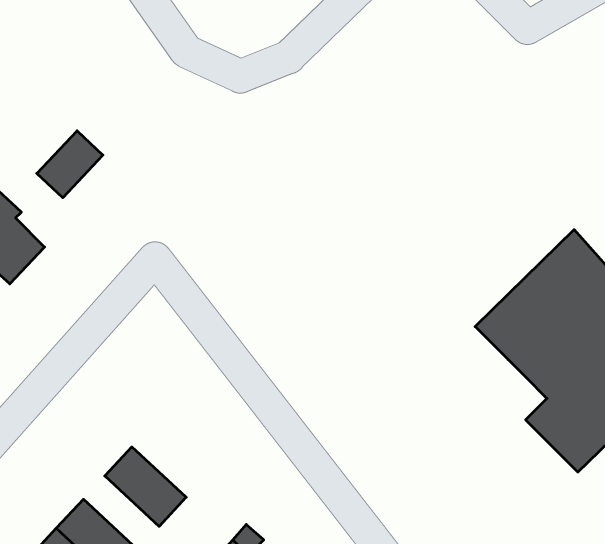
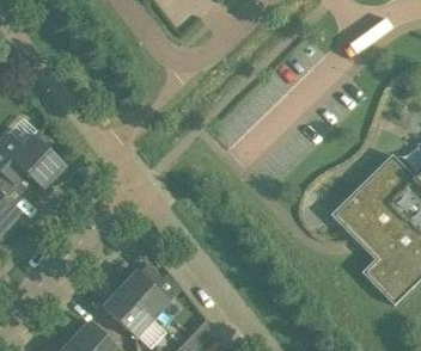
building: [37,131,103,198] -> none
building: none -> [120,270,170,319]

